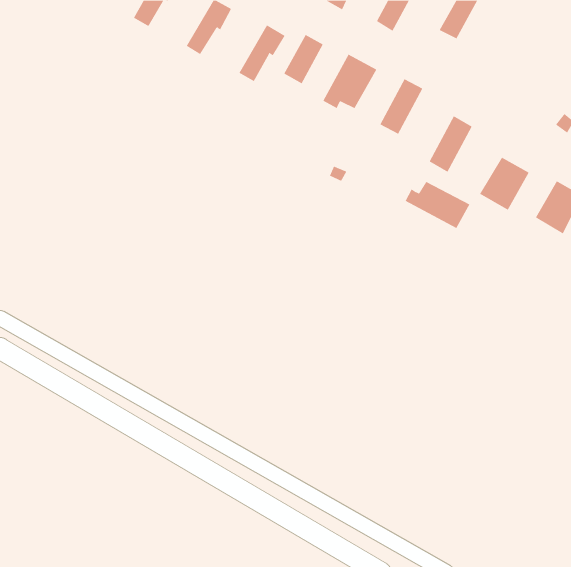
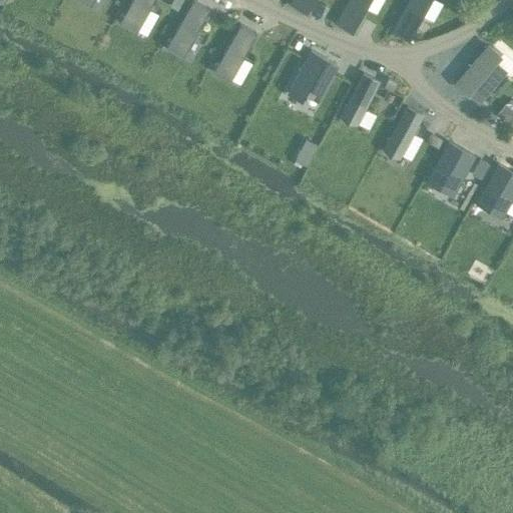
building: [284,34,324,84] -> none
building: none -> [458,48,506,104]
building: [405,181,470,229] -> none

